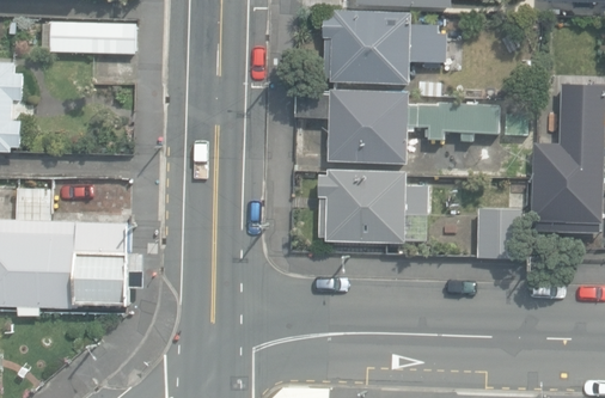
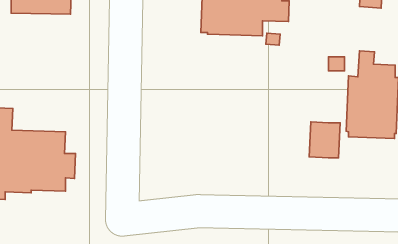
building: [294,90,499,164] -> none
building: [317,170,428,241] -> none

